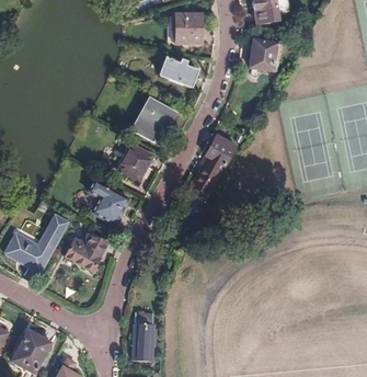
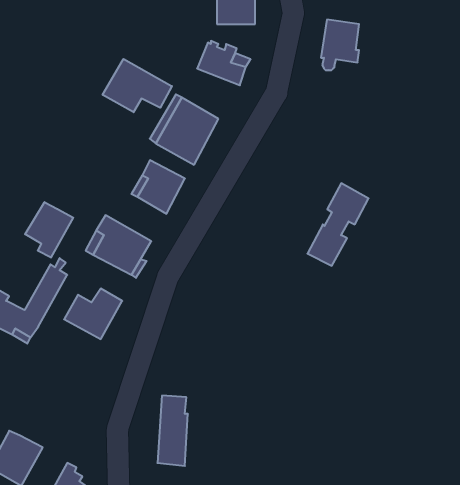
building: none -> [103,59,172,112]
building: [192,134,236,193] -> [307,183,369,266]
building: none -> [25,202,73,258]

